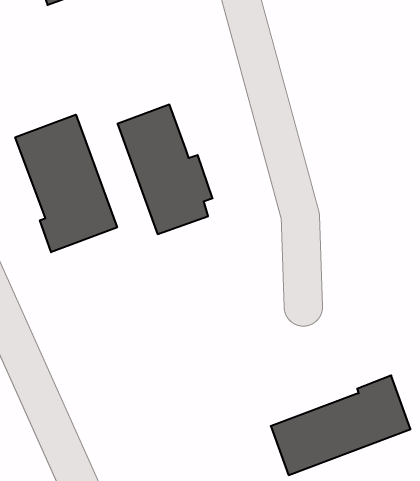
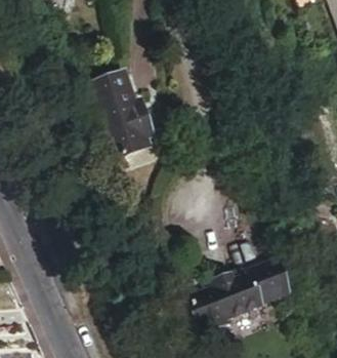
building: [15,115,117,252] -> none

